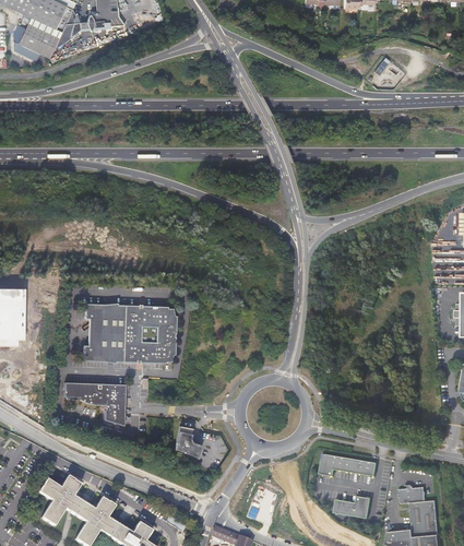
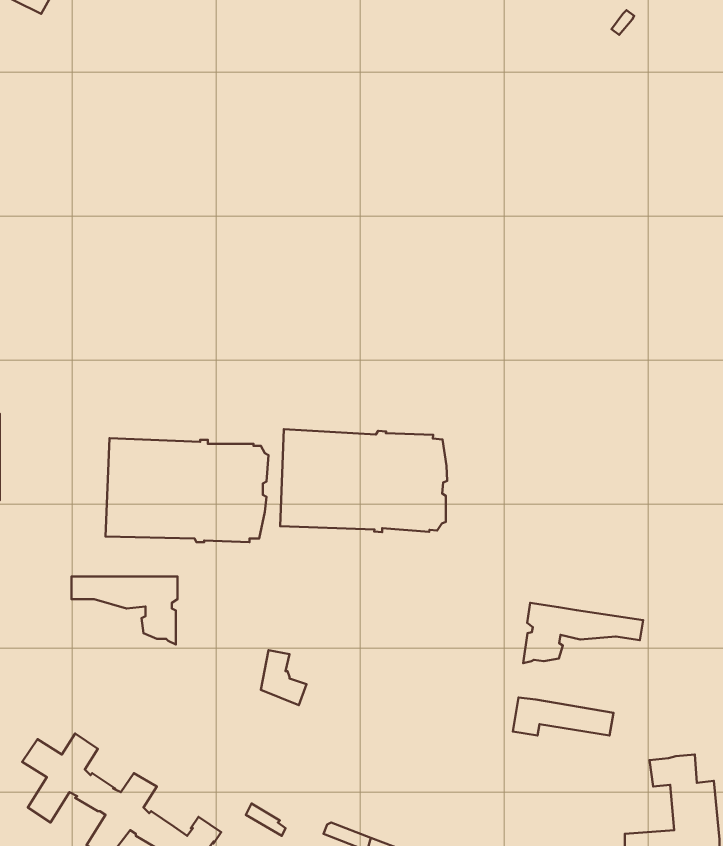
building: none -> [280,429,447,532]
building: none -> [523,603,643,663]
building: [334,495,371,518] -> none

